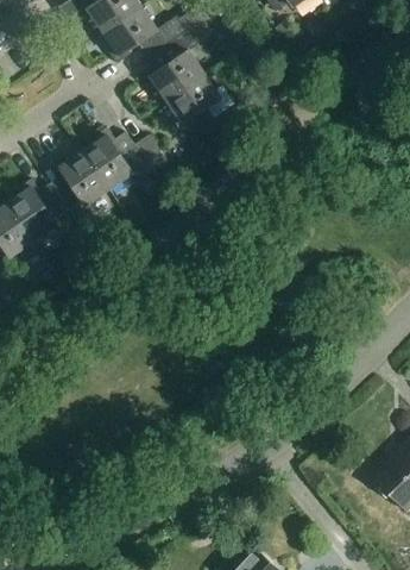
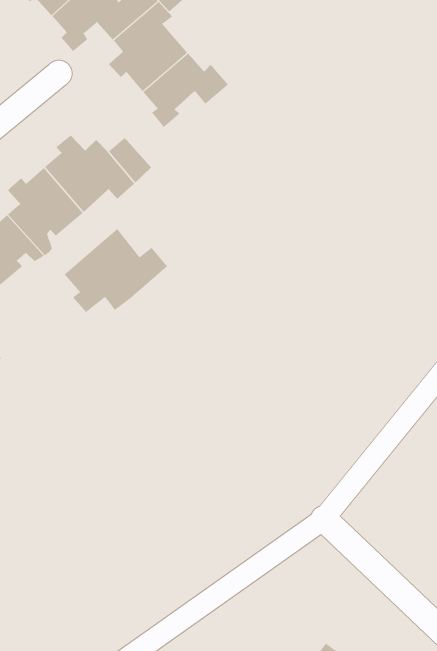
building: none -> [64,228,168,313]

